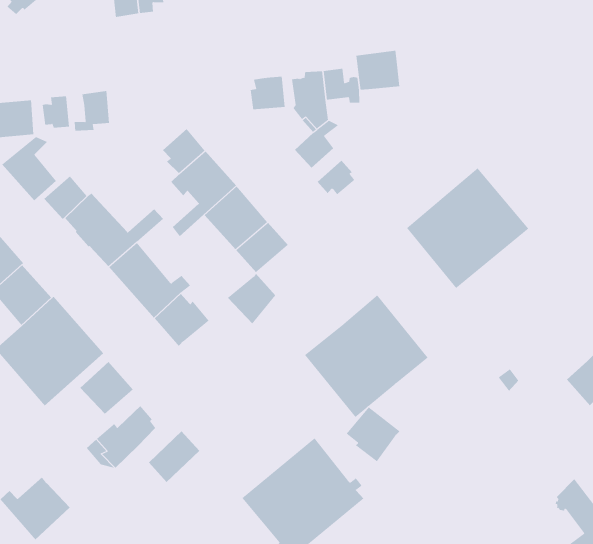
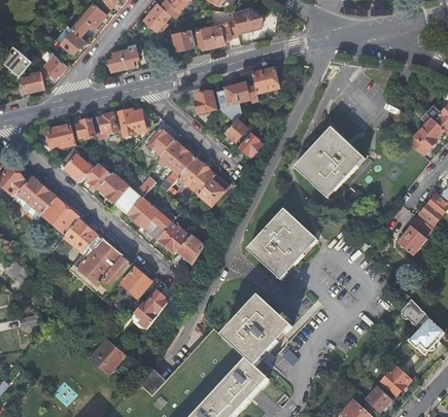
building: none -> [117,108,145,135]
building: [227,273,276,325] -> [175,234,203,264]
building: [346,407,401,462] -> none
building: [148,431,200,483] -> none

